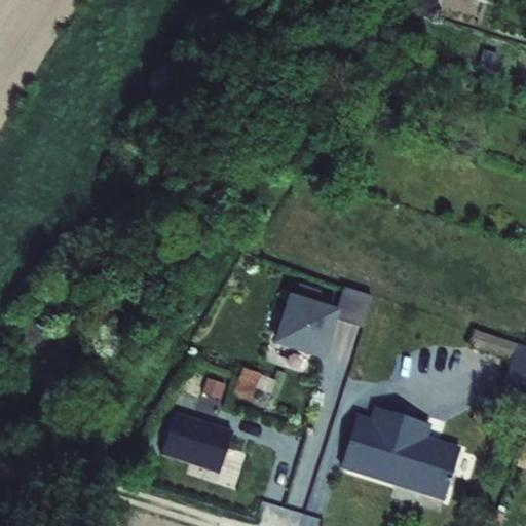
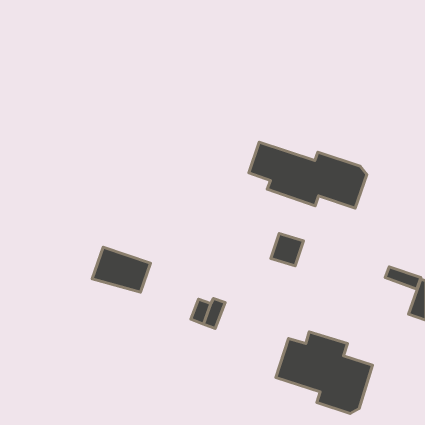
building: none -> [249,142,367,208]
building: [278,286,337,356] -> none
building: [161,415,233,471] -> [92,247,151,292]

